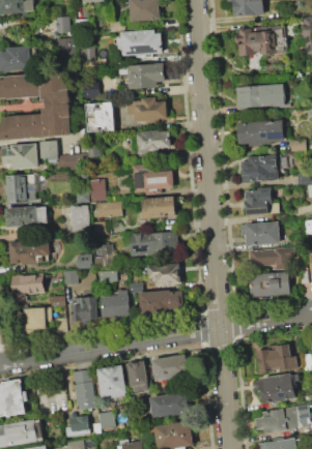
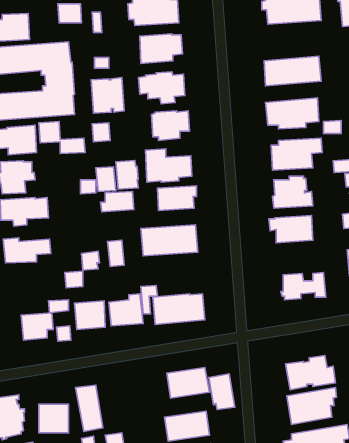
building: [70,205,90,230] -> [116,161,138,189]
building: [249,247,292,269] -> none
building: [147,263,180,285] -> none
building: [11,276,45,302] -> none
building: [126,360,149,391] -> [209,374,235,409]
building: [96,364,126,397] -> none

